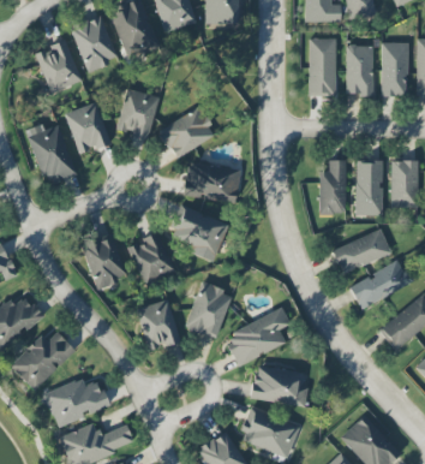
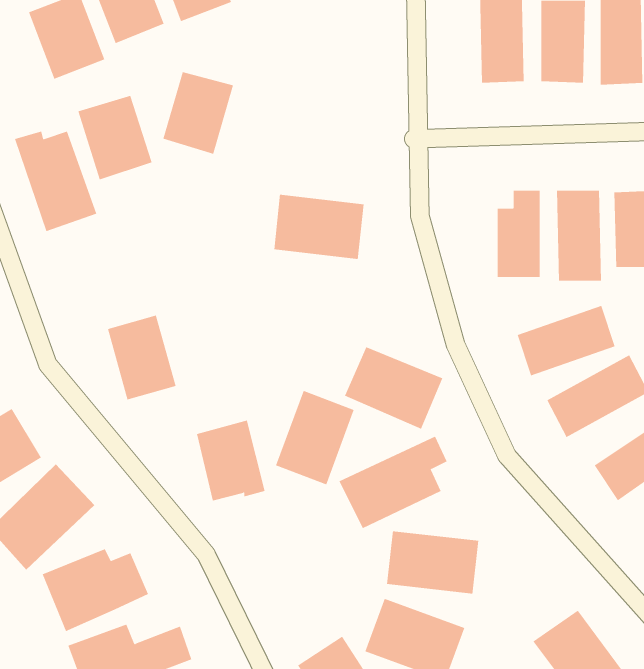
building: [158,106,215,160] -> none
building: [168,206,228,256] -> [344,346,443,429]
building: [127,232,174,282] -> none

